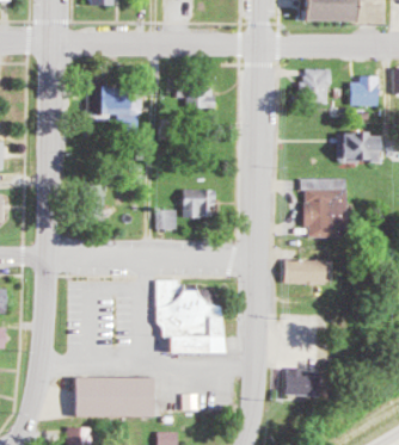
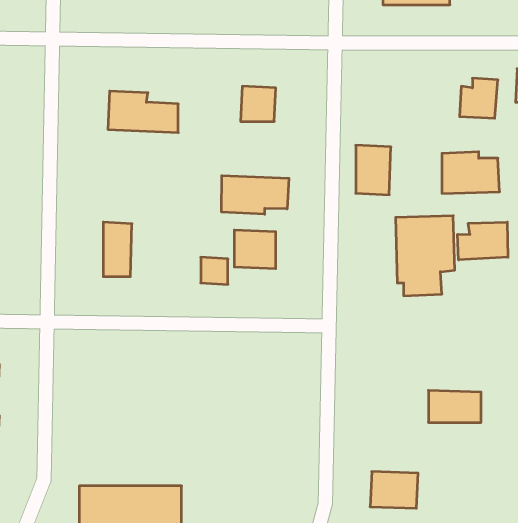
building: [305,67,331,104] -> [356,145,391,195]
building: none -> [222,176,289,214]
building: none -> [458,222,508,260]
building: [283,259,323,283] -> [428,390,481,422]
building: [160,279,219,352] -> none

